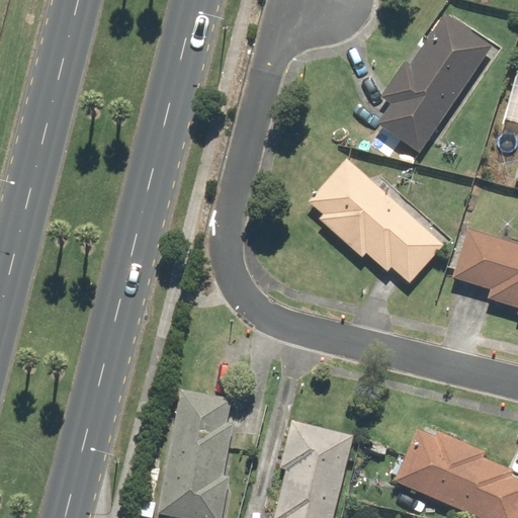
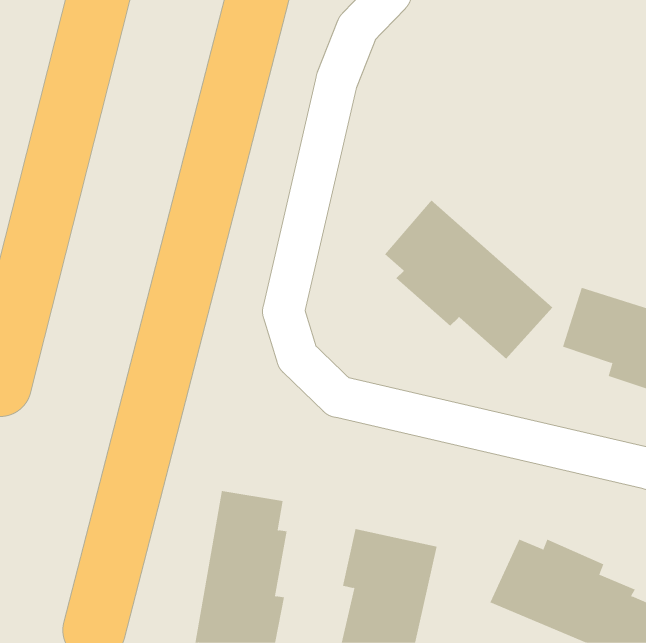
building: [376,15,498,154] -> none

